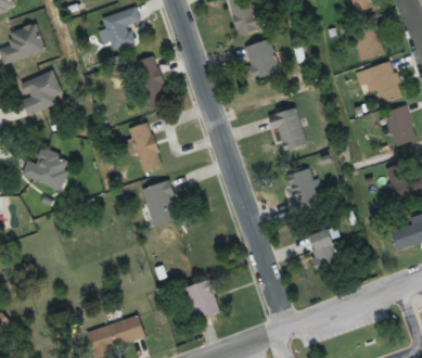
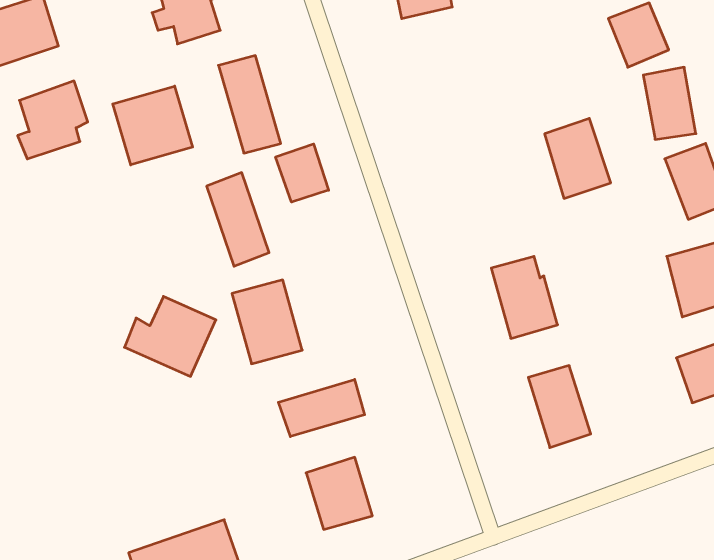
building: [244,39,281,80] -> none
building: none -> [113,86,193,165]
building: none -> [276,144,329,202]
building: [271,107,308,152] -> [545,118,611,198]
building: [22,148,73,192] -> [124,296,216,376]
building: none -> [278,379,365,437]

